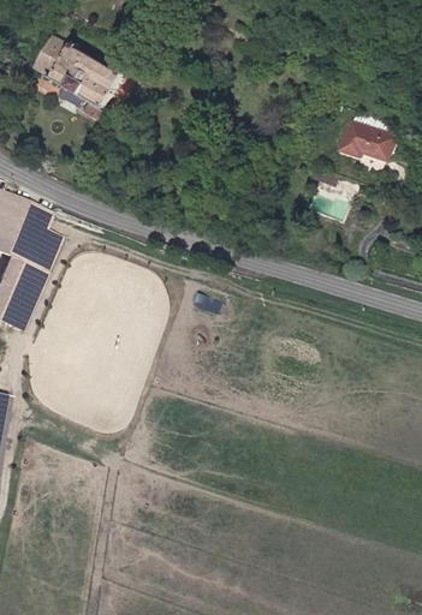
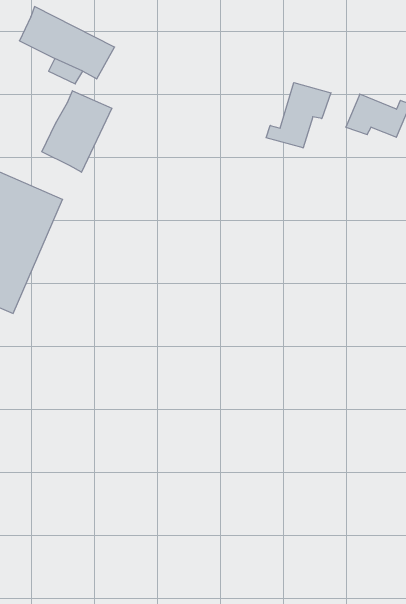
building: none -> [266,83,331,148]
building: none -> [42,91,112,172]

